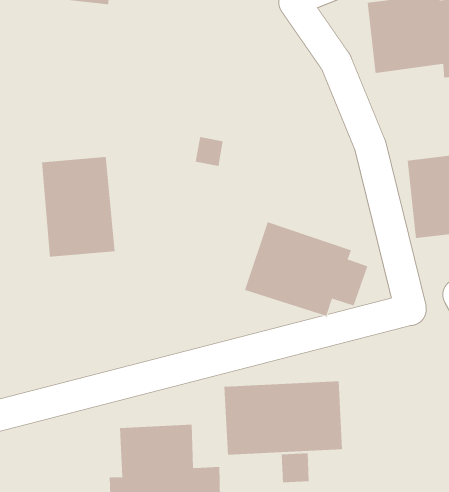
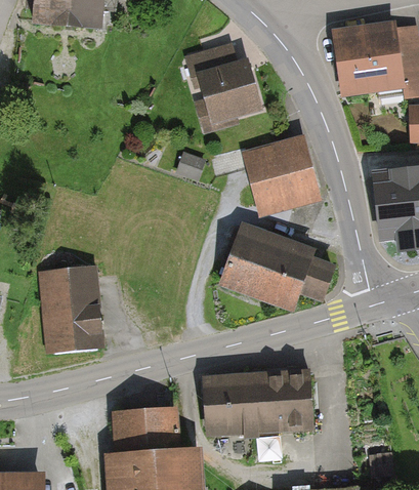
building: none -> [183,42,258,120]
building: none -> [243,137,320,215]
building: [41,156,116,257] -> [39,268,106,358]

